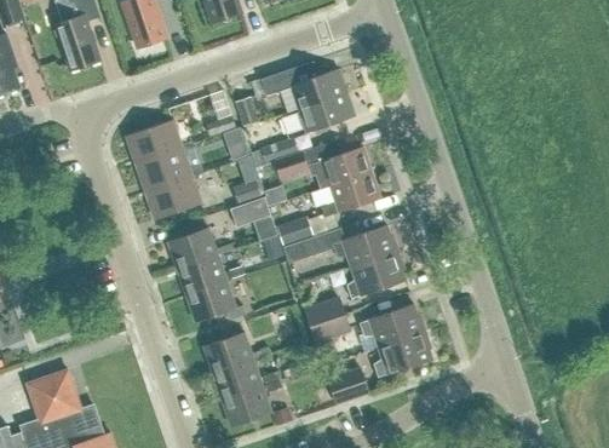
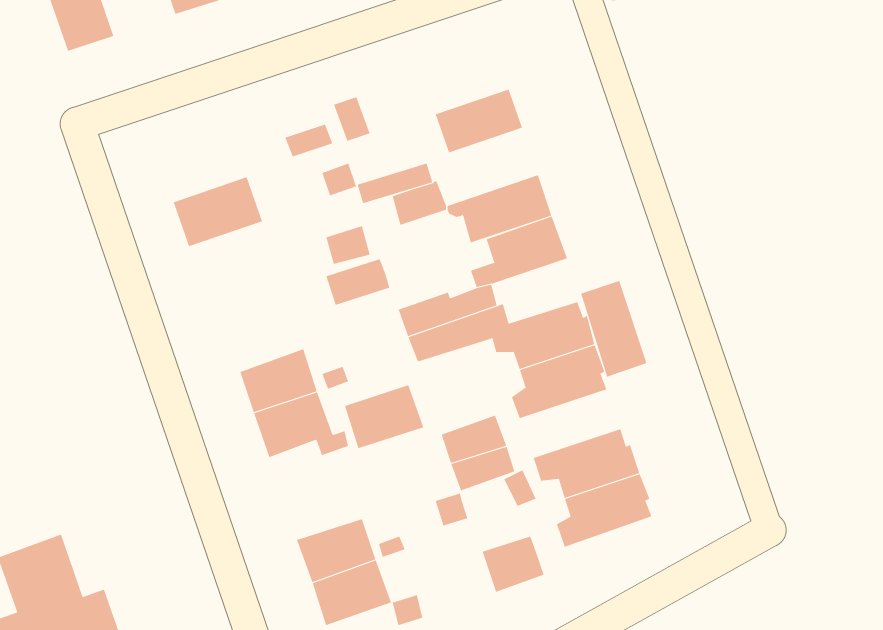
building: [265,61,345,109] -> none
building: [127,120,183,163] -> none
building: [146,176,202,219] -> none
building: none -> [581,280,647,378]
building: [168,228,218,269] -> none
building: [205,333,254,373] -> [344,384,424,449]

